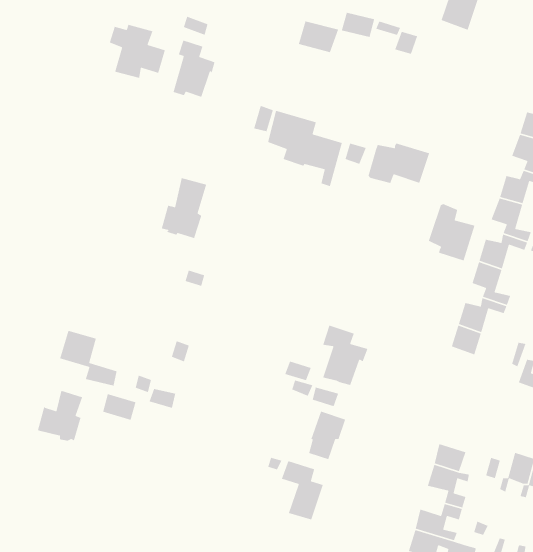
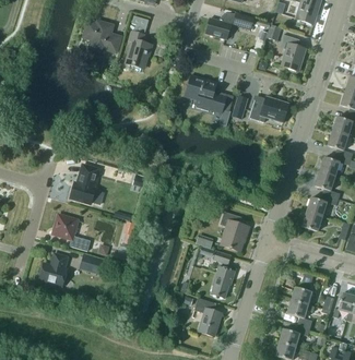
building: none -> [280,35,305,72]
building: [161,177,207,239] -> [69,165,98,204]
building: [428,201,475,262] -> none

